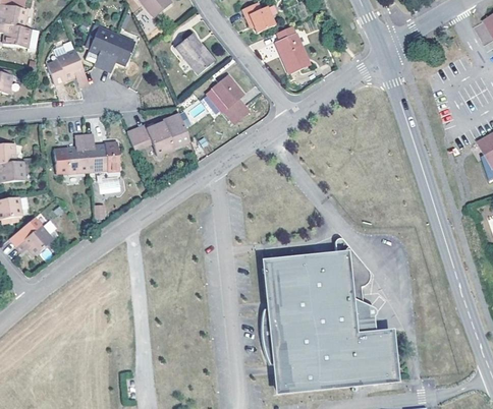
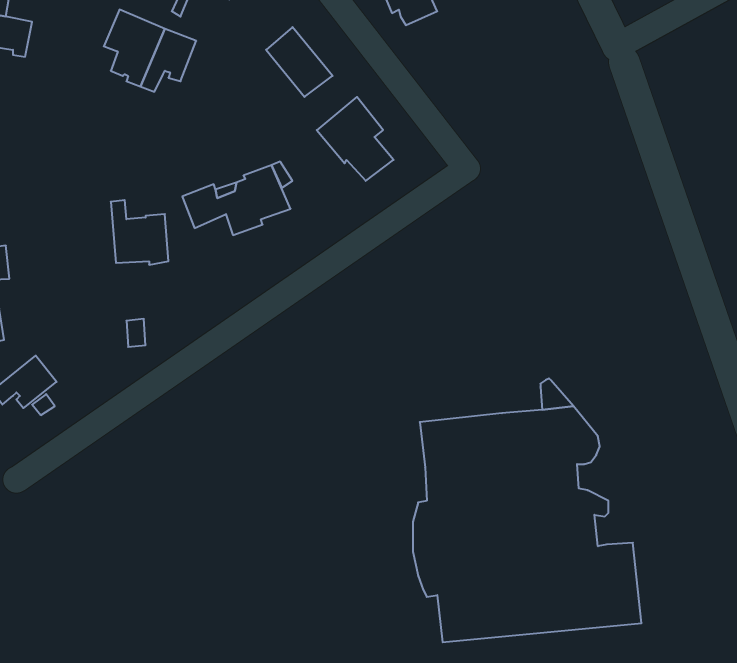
building: [275,24,310,72] -> none
building: [47,48,88,86] -> none
building: [65,134,88,172] -> none

